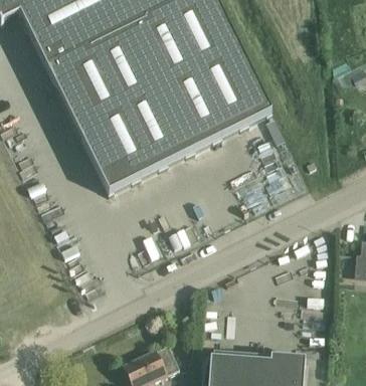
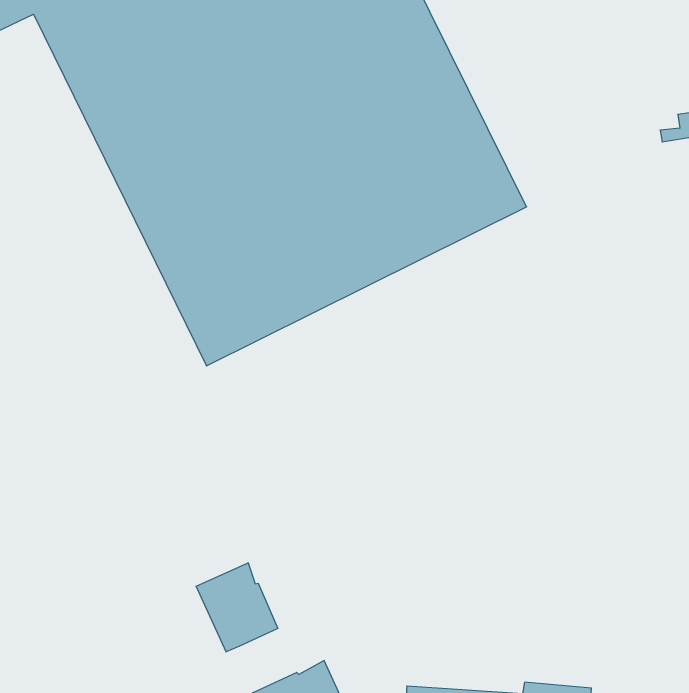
building: none -> [196,563,278,652]

